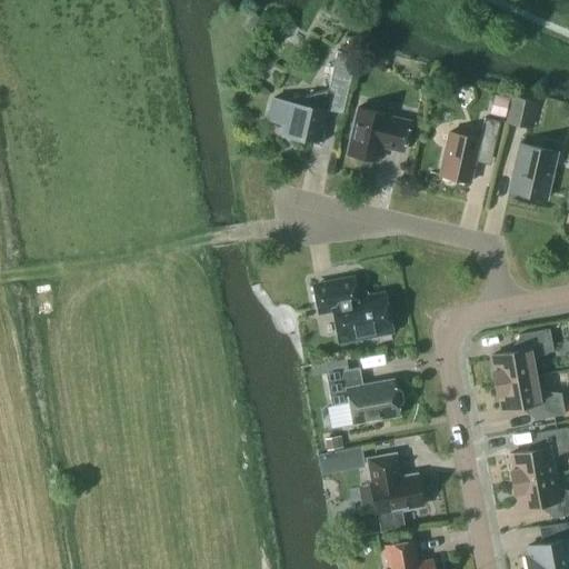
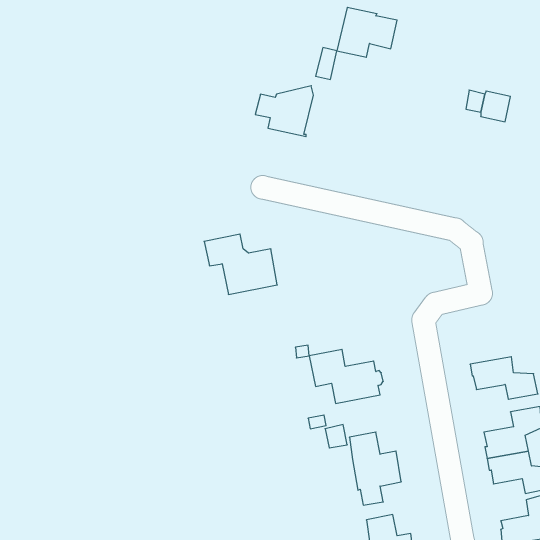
building: [347,109,410,161] -> [337,7,397,57]
building: [439,119,500,183] -> none
building: [509,144,555,200] -> none
building: [315,279,391,342] -> [204,234,277,294]
building: [491,330,553,383] -> none

